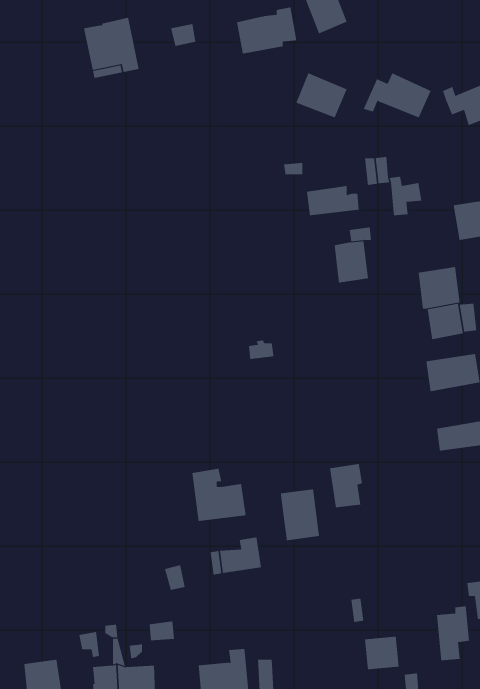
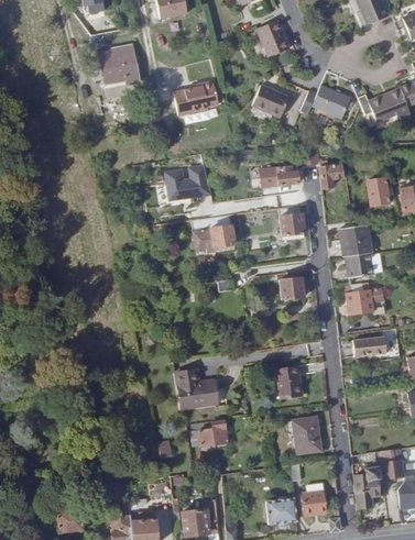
building: [236,7,297,54] -> [171,81,215,115]
building: none -> [166,162,212,200]
building: none -> [192,216,234,251]
building: none -> [280,277,304,299]
building: [280,489,320,541] -> [293,416,321,453]
building: none -> [266,498,297,524]

